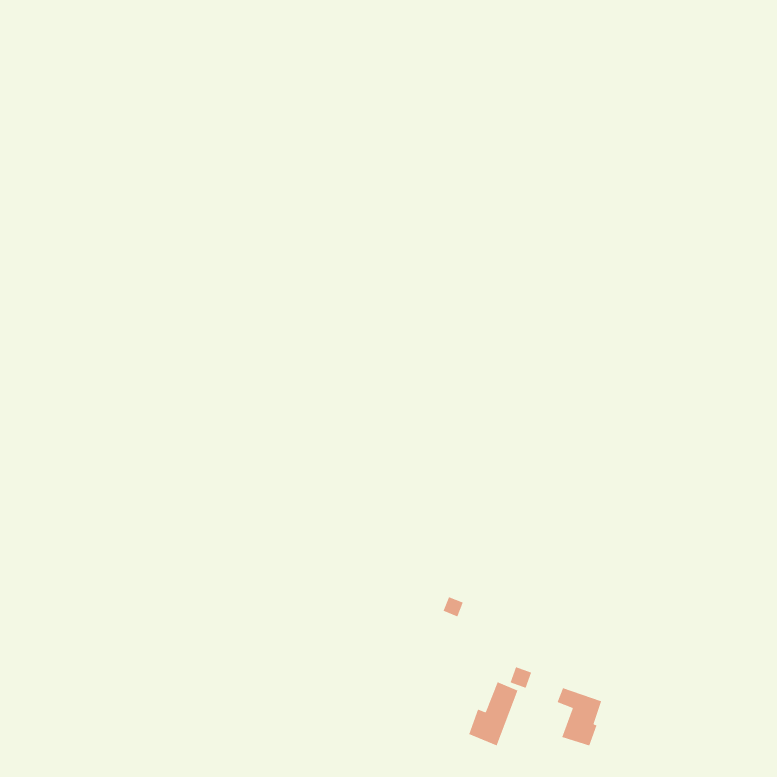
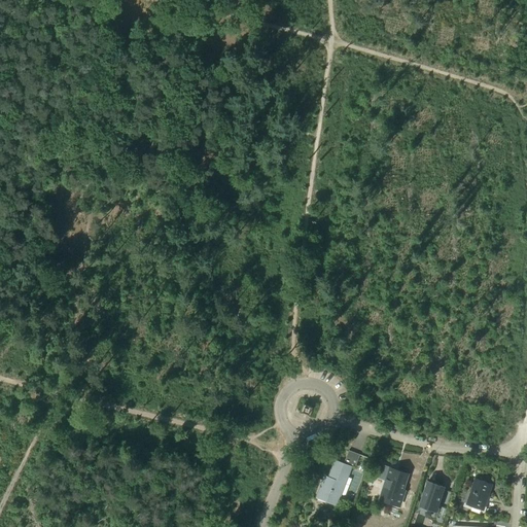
building: none -> [468,479,492,510]
building: none -> [420,481,446,511]

